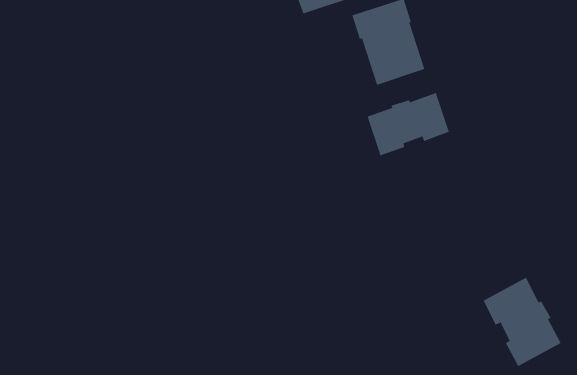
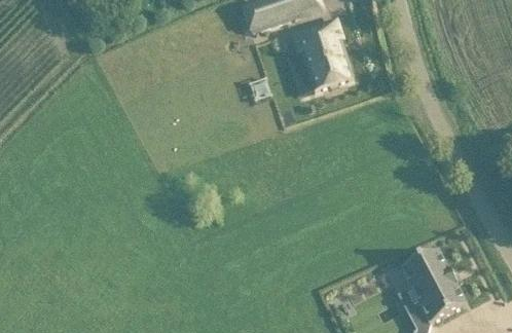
building: [367,92,449,156] -> none

